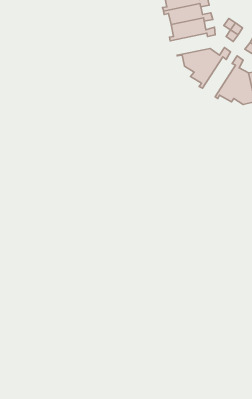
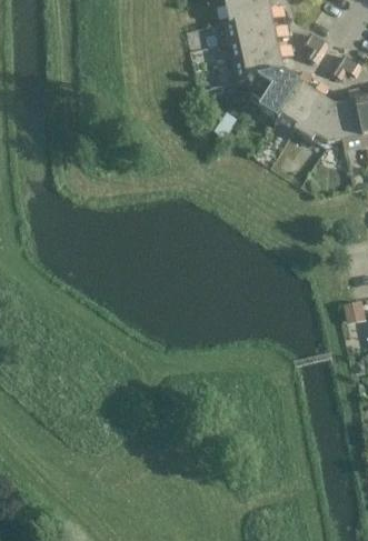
building: none -> [233,50,286,79]
building: none -> [276,81,319,133]

